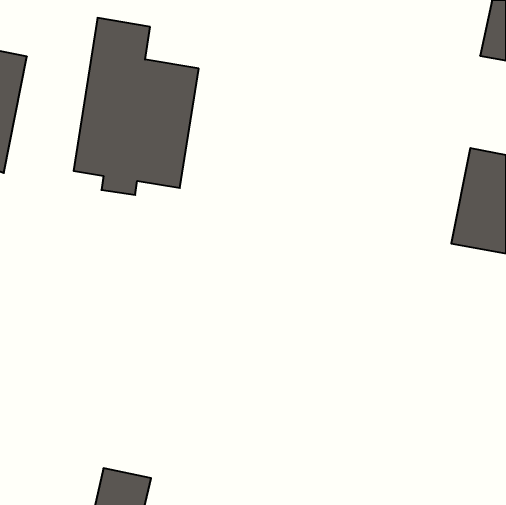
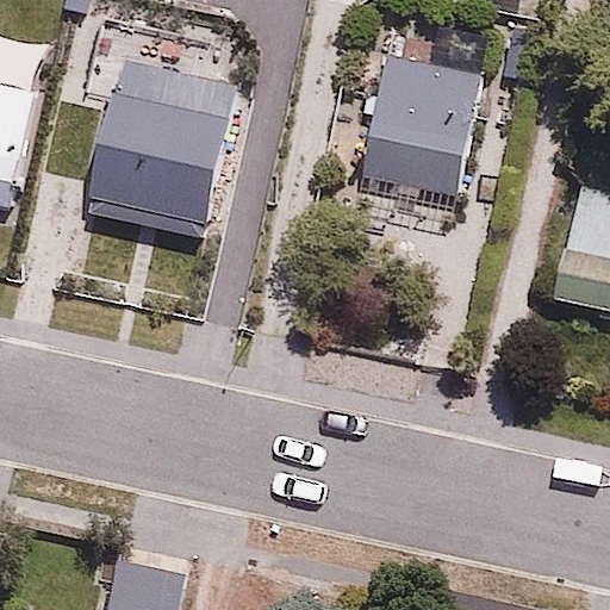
building: none -> [360,36,484,218]

